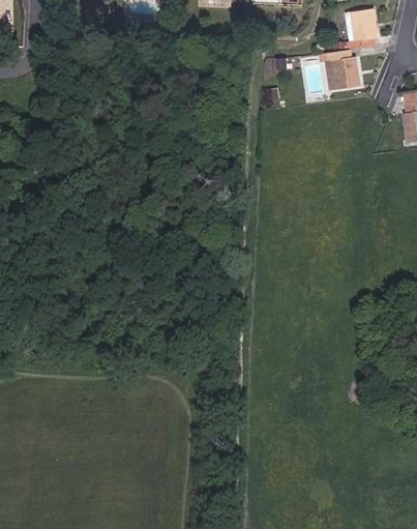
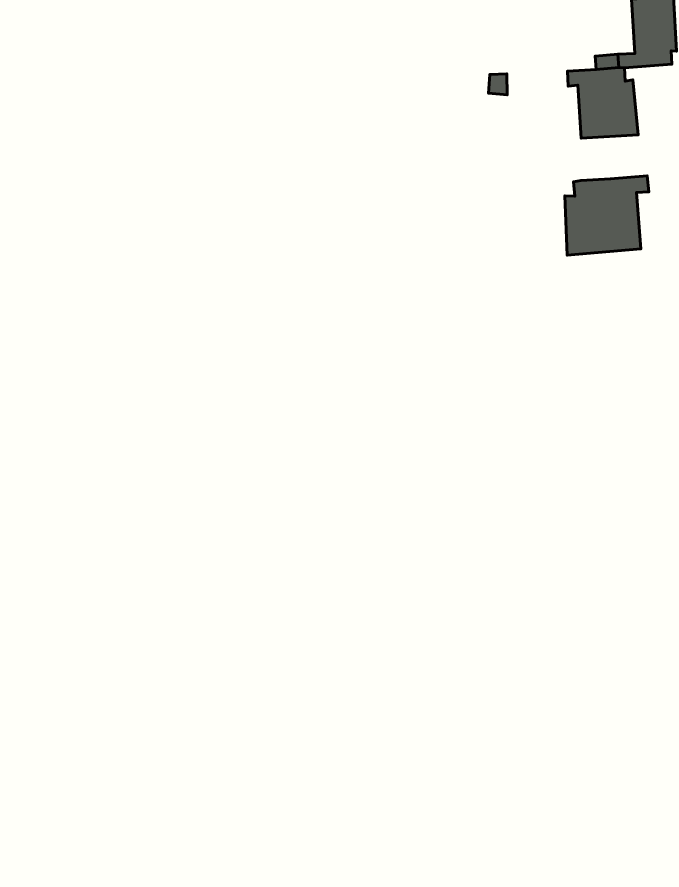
building: none -> [565,176,649,255]

